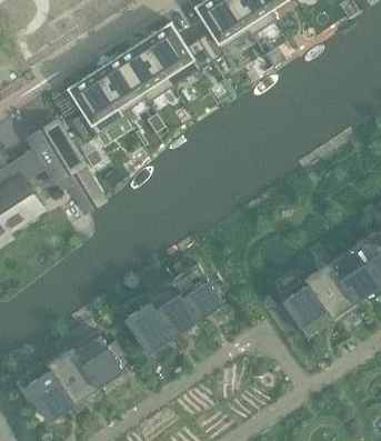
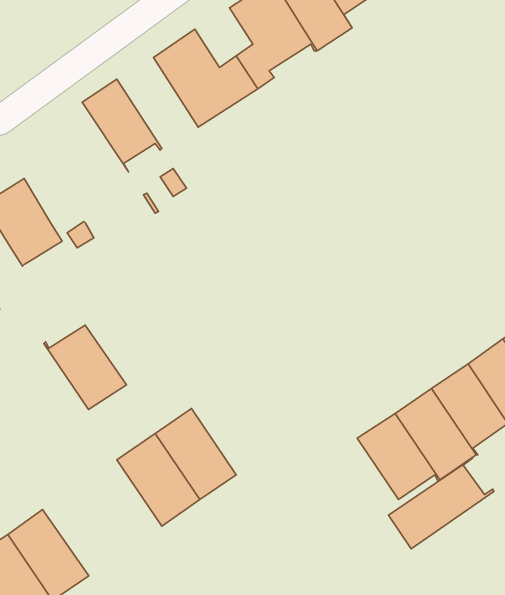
building: [117,40,171,101] -> none
building: [64,70,124,143] -> none
building: [167,263,222,320] -> [44,325,127,410]
building: none -> [388,458,494,549]
building: [67,330,123,388] -> none

